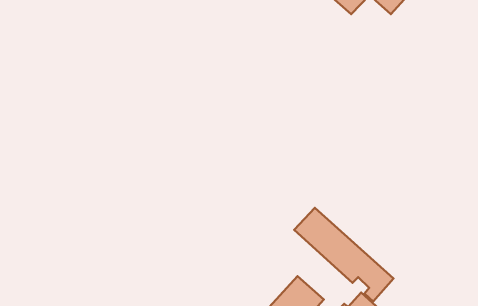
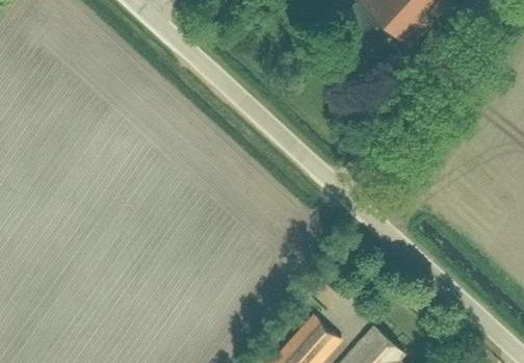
building: [294,208,393,301] -> none

